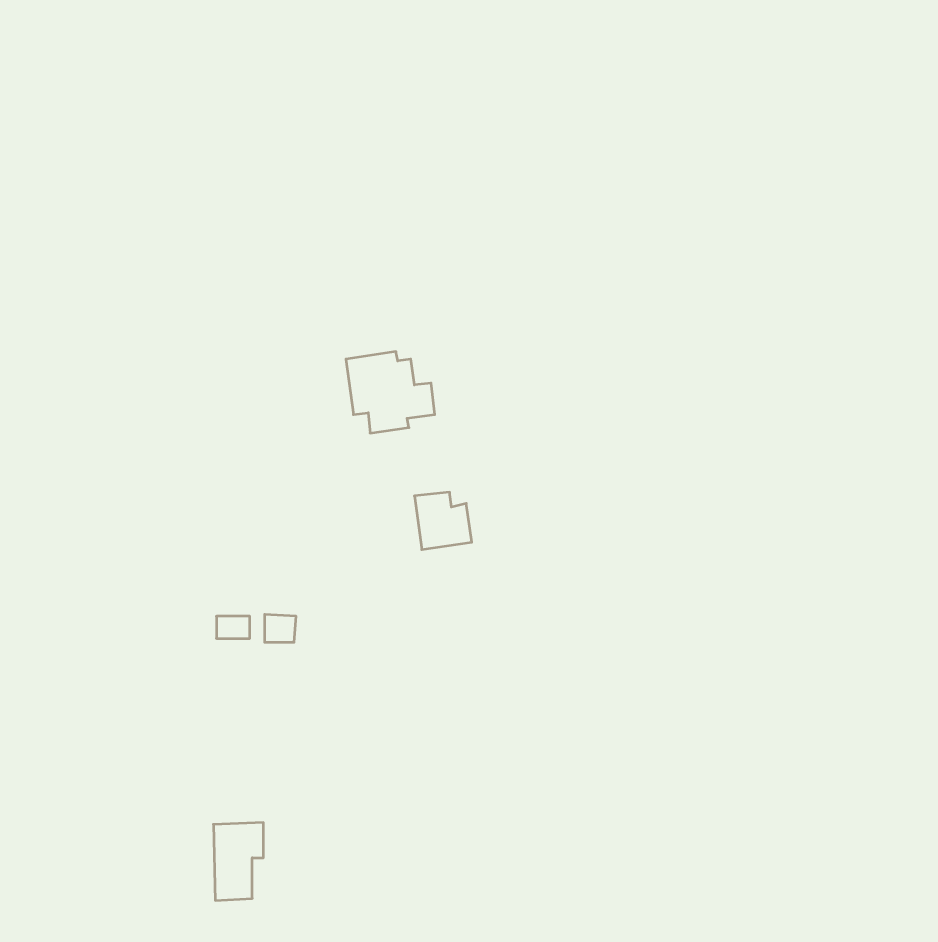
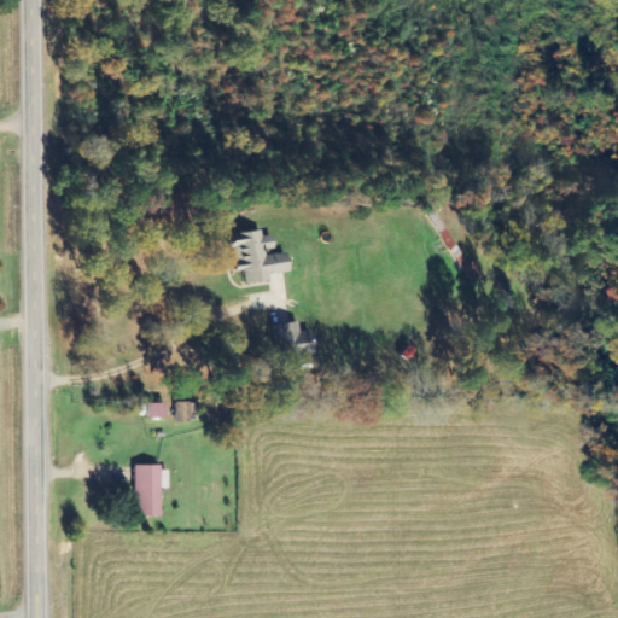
building: [213,823,263,900] -> [135,464,168,514]

